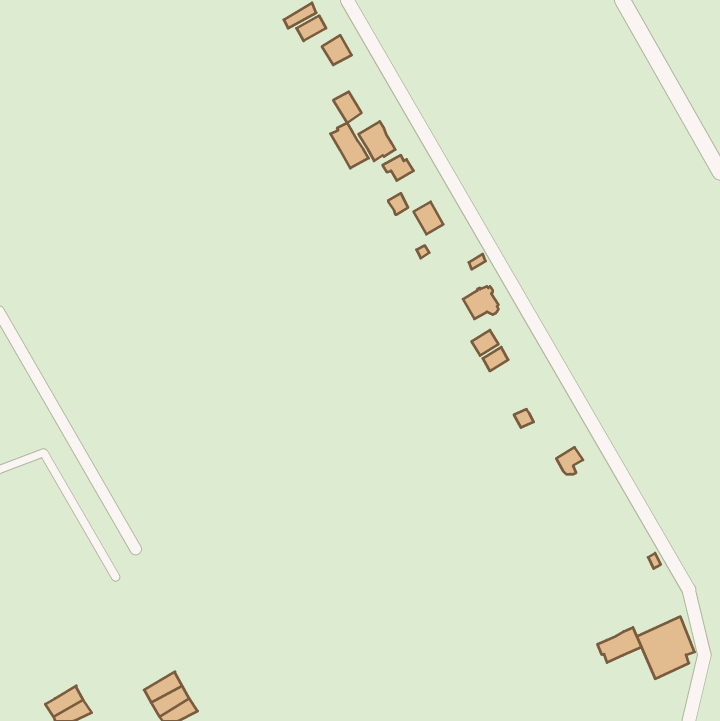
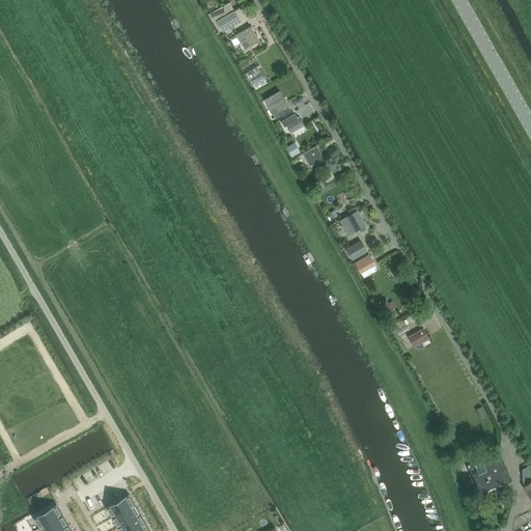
building: [330,123,369,168] -> none
building: [598,627,641,663] -> none

